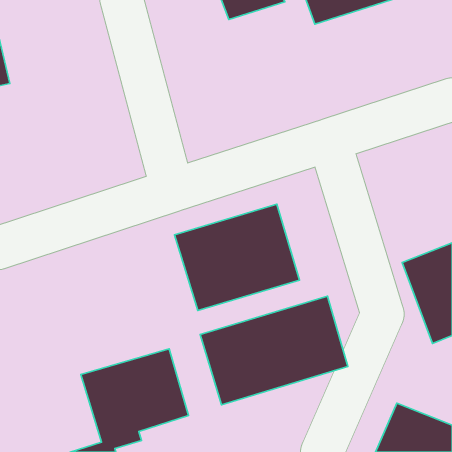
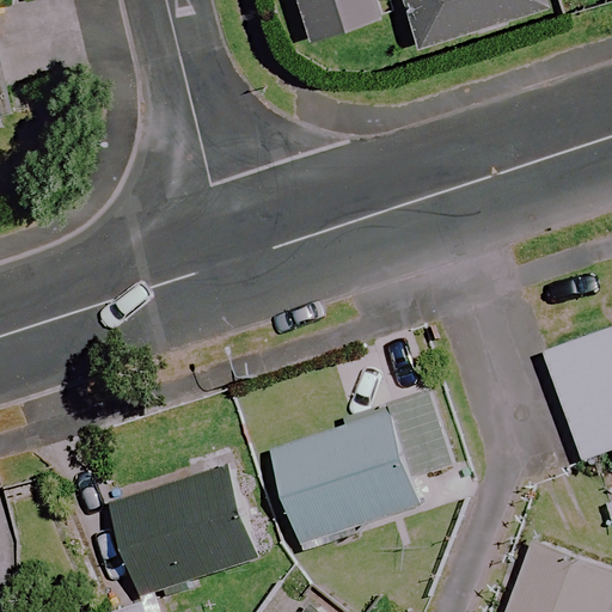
building: [175,204,300,310] -> none

